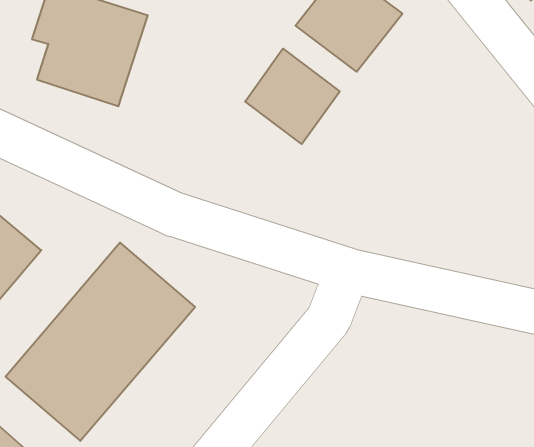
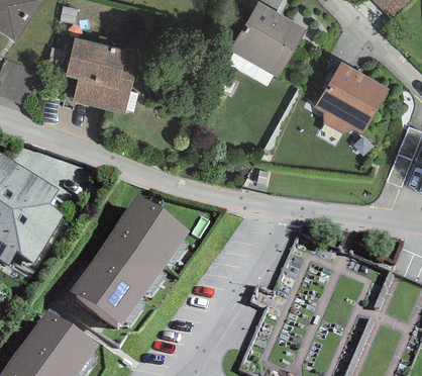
building: [245,49,340,144] -> none
building: none -> [320,61,392,129]

